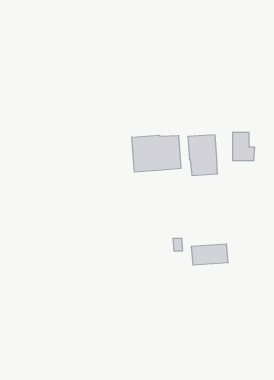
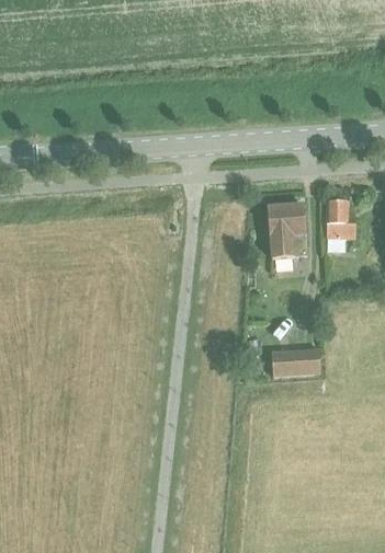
building: [132,135,181,172] -> none

